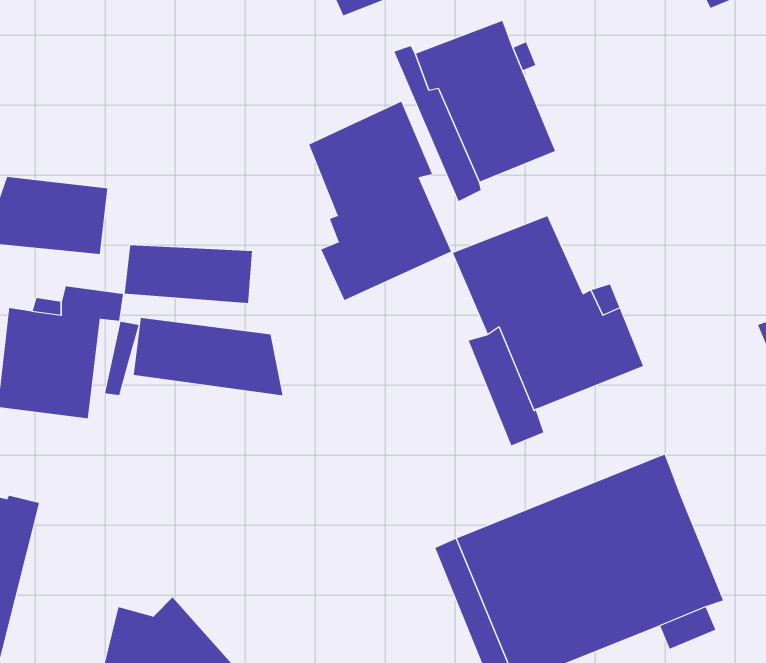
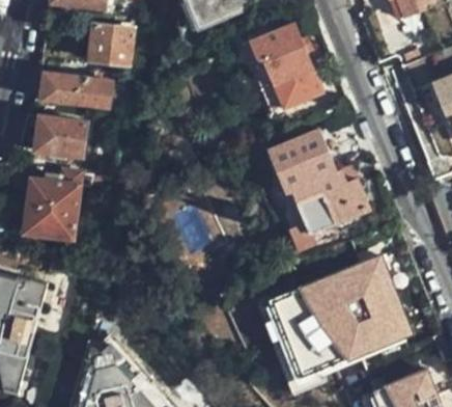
building: none -> [93,20,134,57]
building: [308,101,452,301] -> none
building: [124,245,253,303] -> [41,74,110,105]
building: [133,317,283,396] -> none

